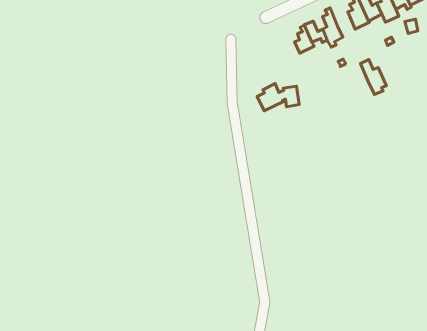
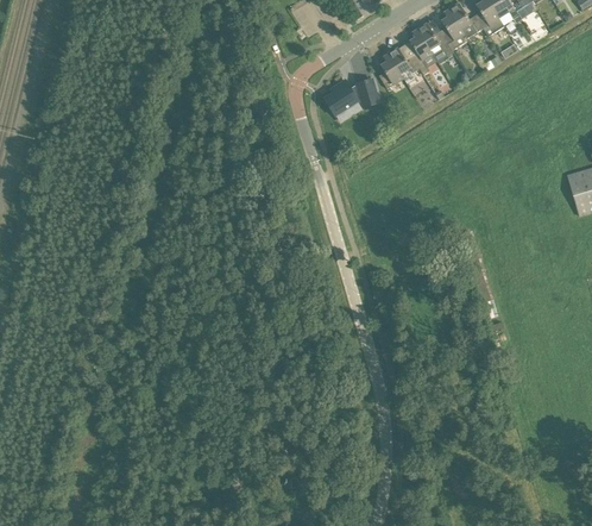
building: [361,60,387,95] -> [417,21,453,64]
building: [257,83,299,111] -> [326,79,379,114]

